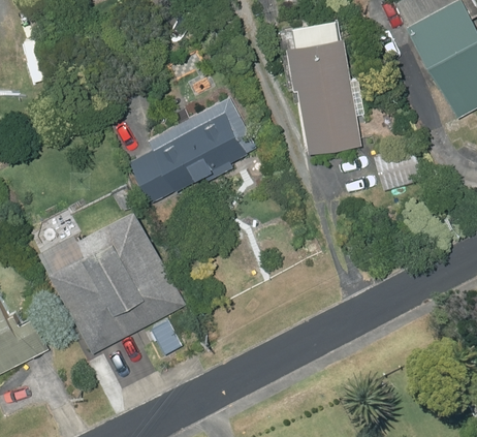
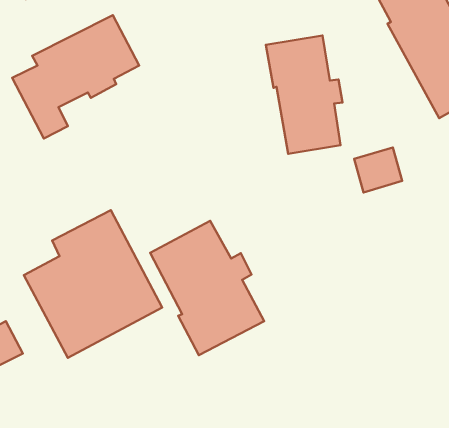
building: [128,100,253,222] -> [12,15,139,139]
building: none -> [150,221,264,355]

